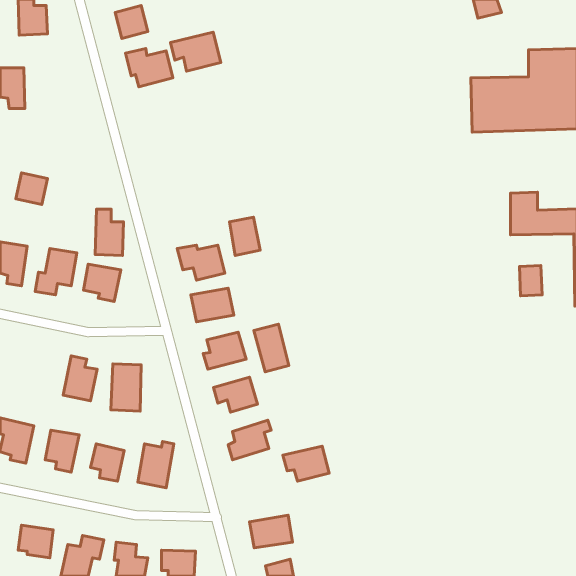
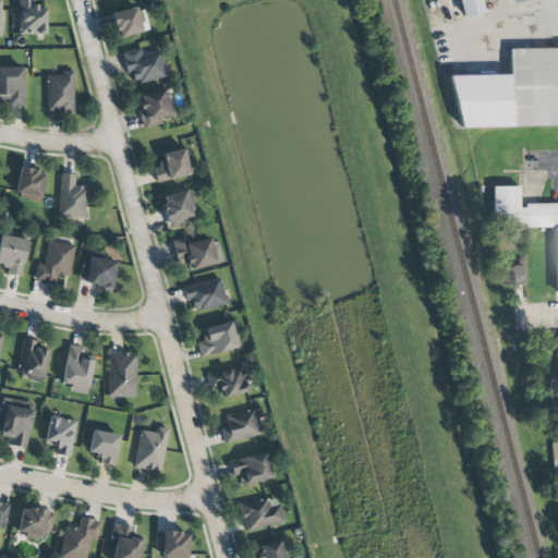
building: [170,32,221,71] -> none
building: none -> [47,70,74,111]
building: none -> [137,89,171,126]
building: none -> [153,147,192,182]
building: [95,209,124,256] -> [60,173,87,218]
building: [230,217,260,256] -> [163,191,193,228]
building: [254,324,289,372] -> none
building: none -> [17,337,49,383]
building: [283,446,329,481] -> [229,451,274,485]

